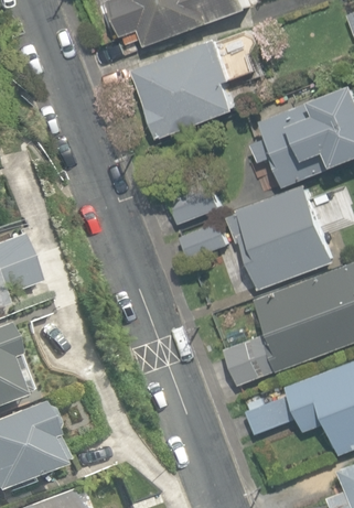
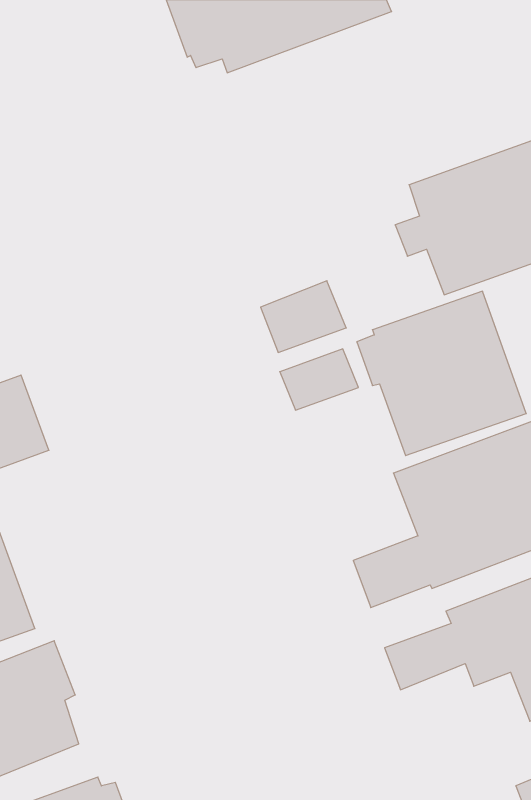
building: [130,29,259,141] -> none

